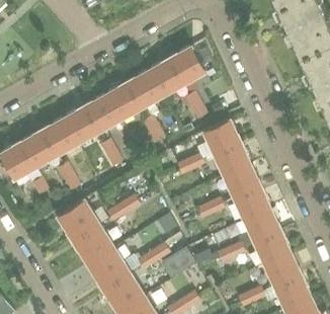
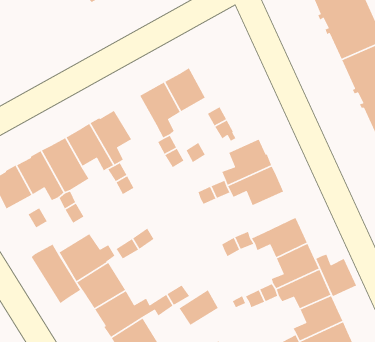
building: [168,46,204,84] -> none
building: [104,82,140,120] -> none
building: [222,164,259,199] -> none
building: none -> [31,244,81,304]
building: none -> [315,254,357,297]

